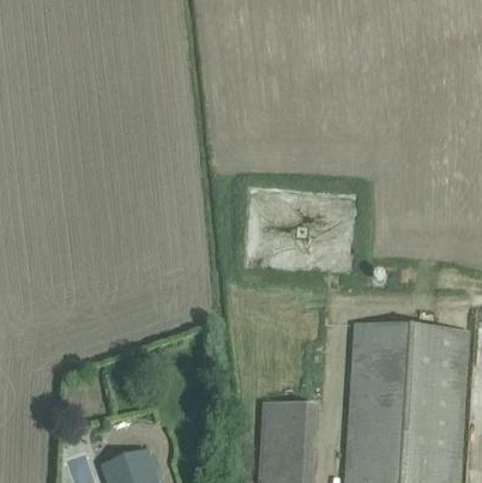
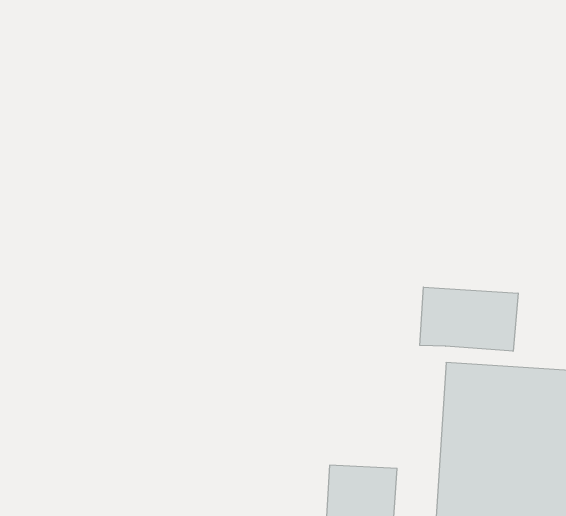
building: none -> [420,287,518,351]

